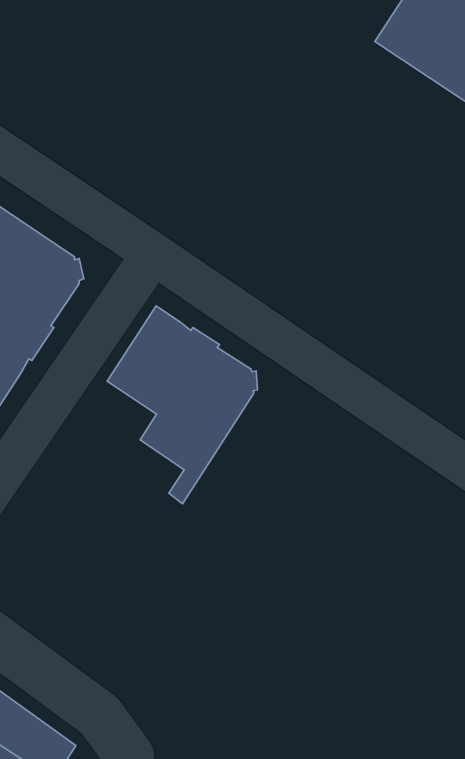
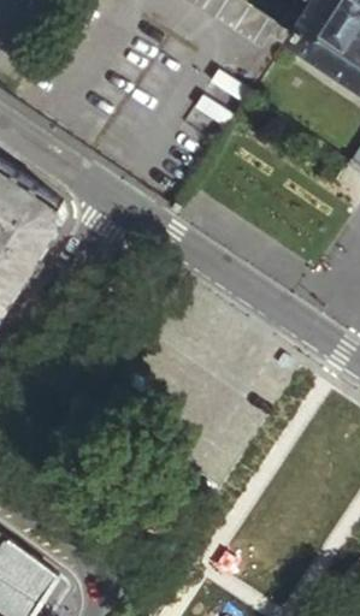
building: [107,306,257,504] -> none

